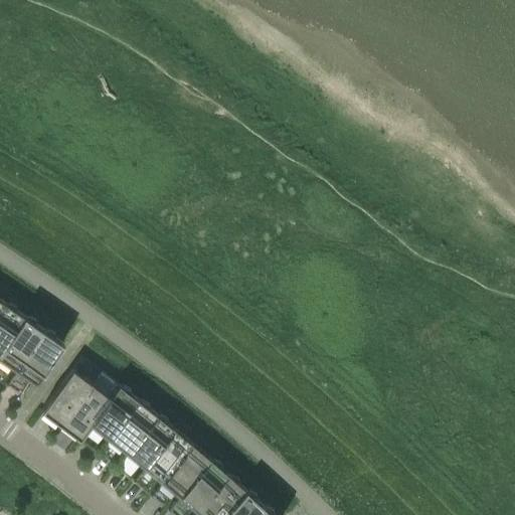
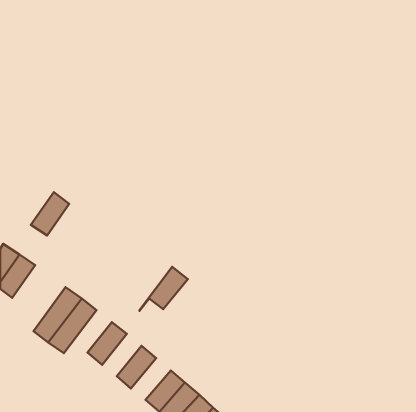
building: [17,333,64,386] -> [31,192,69,236]
building: [80,388,140,443] -> [140,267,188,311]
building: [128,417,176,470] -> none
building: [163,448,212,499] -> none

